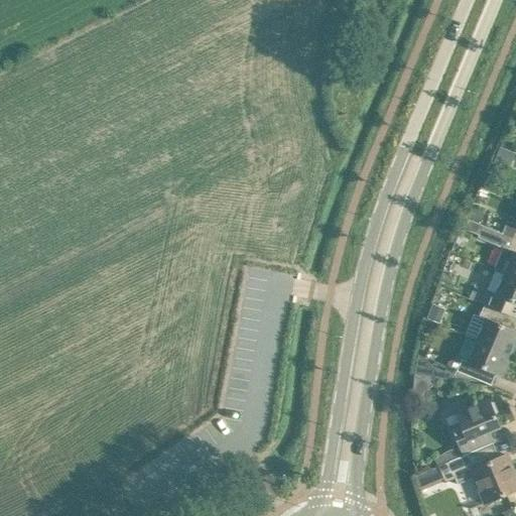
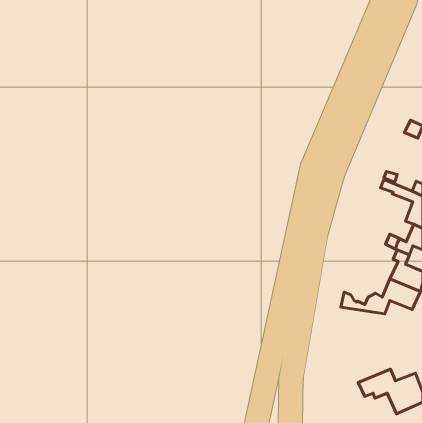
building: [434,400,500,466] -> none

